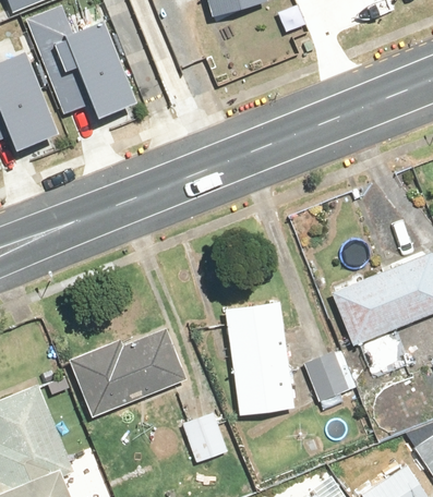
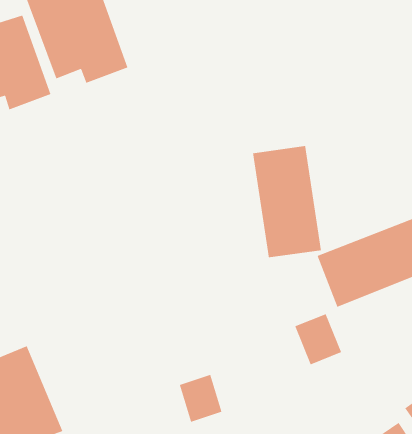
building: [220,303,291,419] -> [252,145,322,258]
building: [65,329,182,419] -> none

